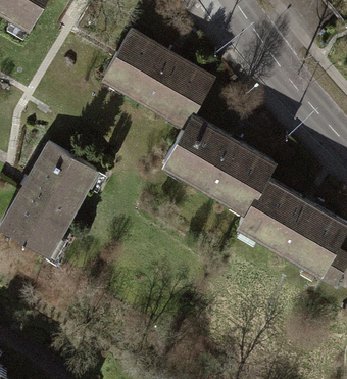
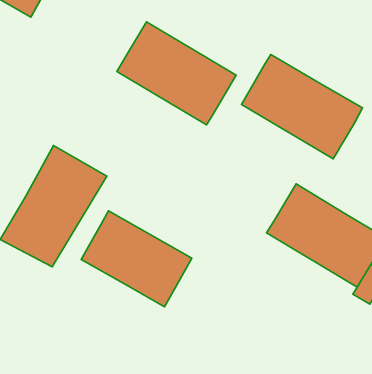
building: [165,117,275,211] -> [241,54,363,159]
building: none -> [81,211,192,307]

